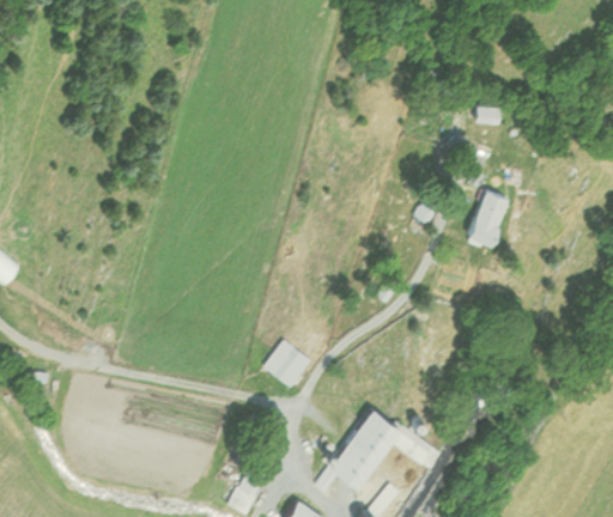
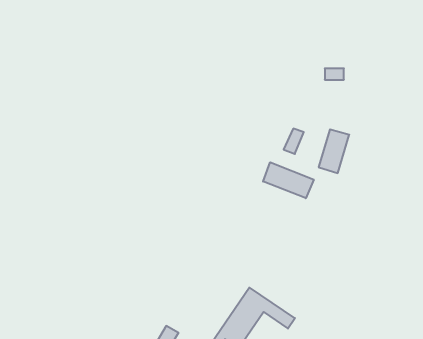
building: none -> [263,162,314,198]
building: [266,341,315,389] -> none

